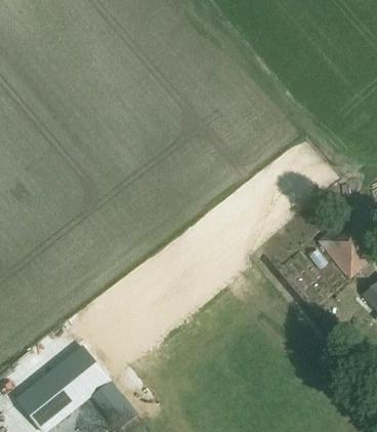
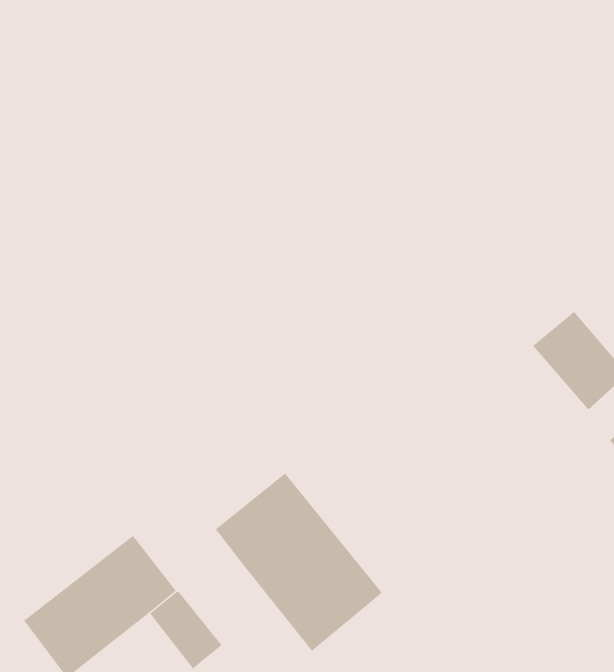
building: none -> [215,473,383,652]

